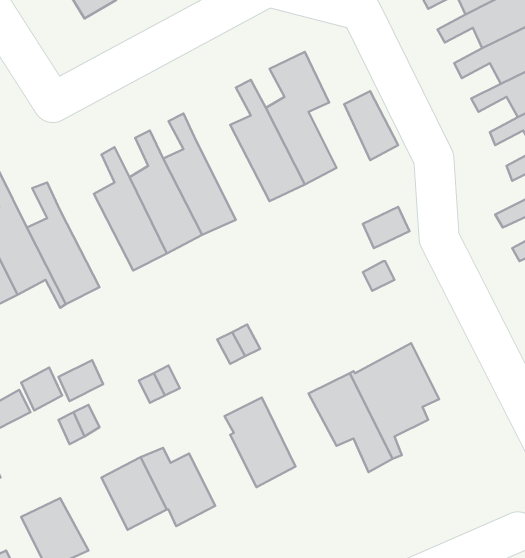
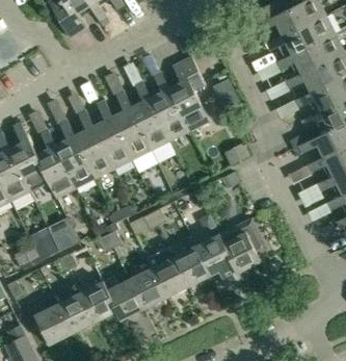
building: none -> [131,81,171,150]
building: none -> [55,120,96,187]
building: none -> [167,240,209,287]
building: none -> [127,269,164,309]
building: none -> [55,293,92,334]

